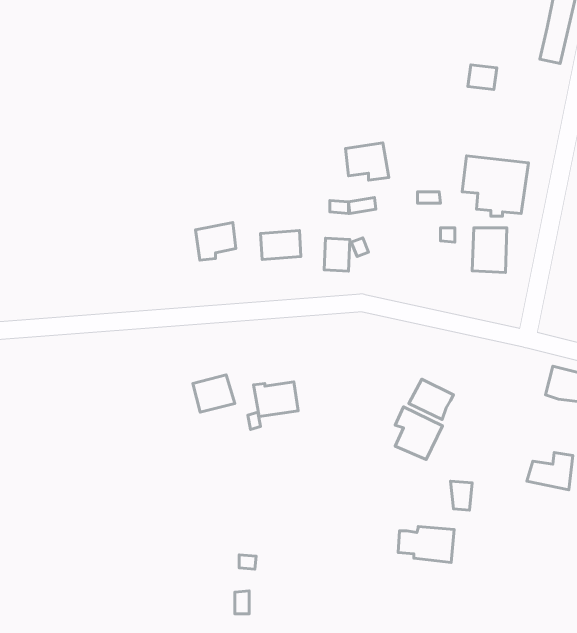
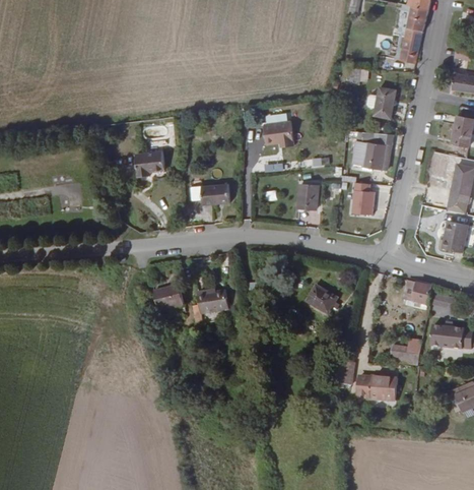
building: none -> [375,87,396,119]
building: [195,223,236,260] -> [137,150,165,177]
building: [324,238,350,271] -> [300,186,319,209]
building: [395,407,442,460] -> none
building: [398,527,454,563] -> [357,375,397,401]

